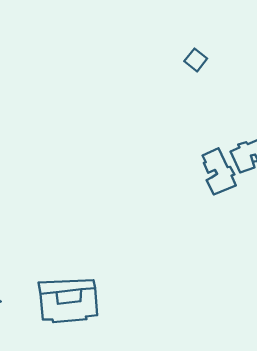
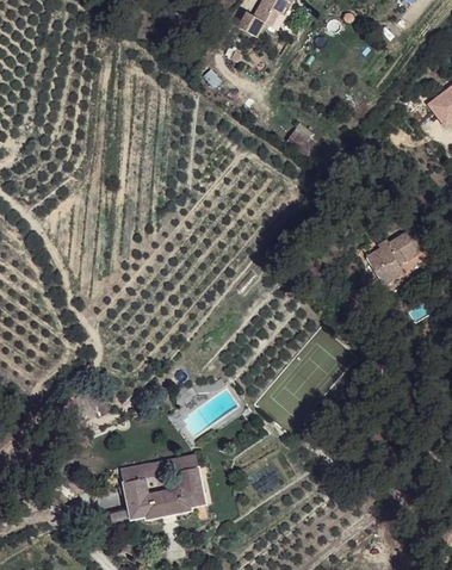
building: [203,148,236,195] -> none

